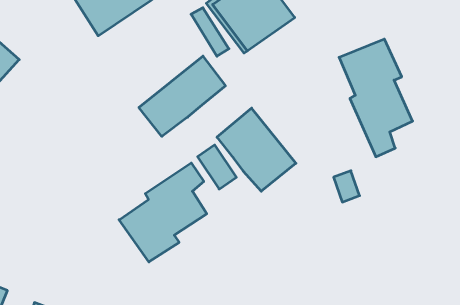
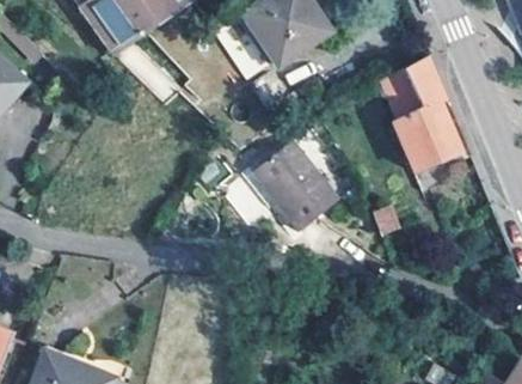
building: [139,56,225,136] -> none
building: [119,163,207,262] -> none

